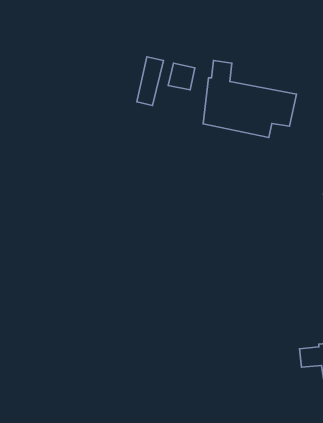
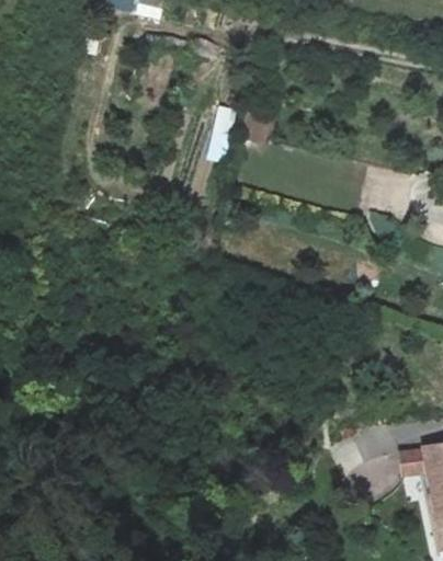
building: [203,61,296,138] -> none

